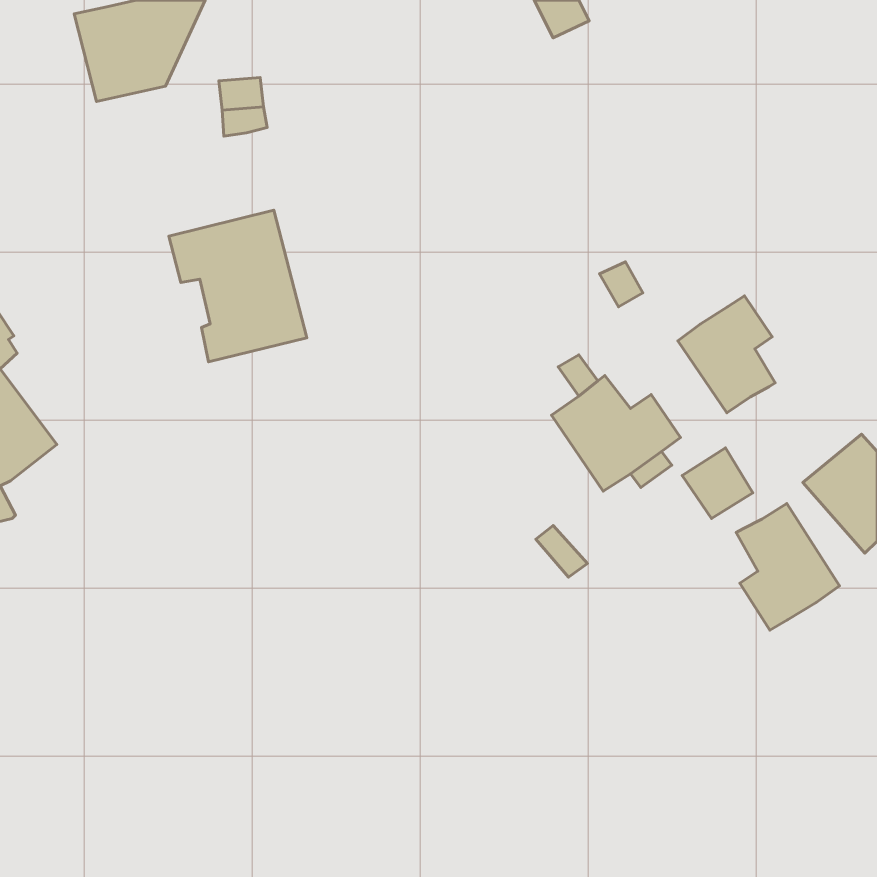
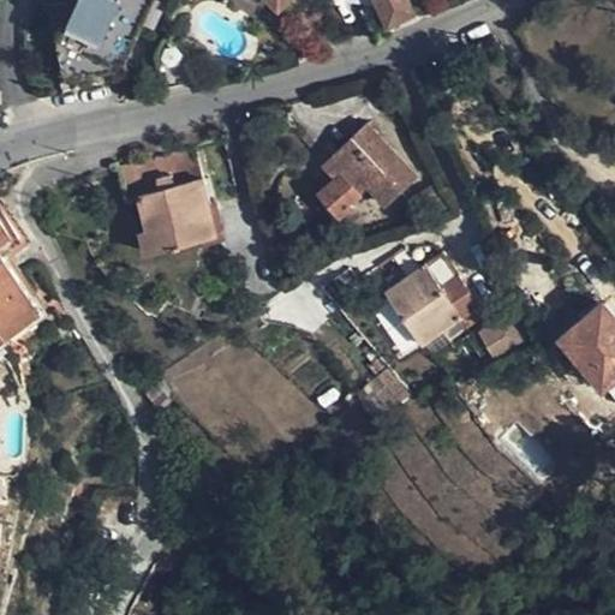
building: none -> [317,125,413,217]
building: [678,296,775,413] -> none
building: [736,503,840,630] -> none

